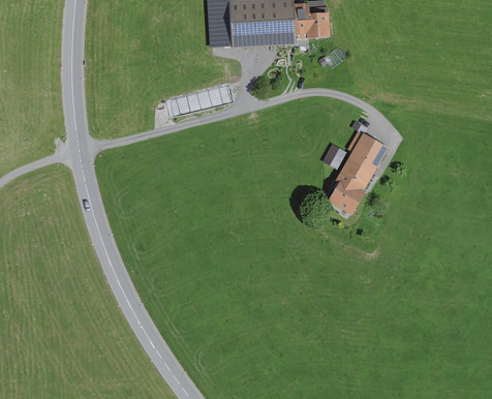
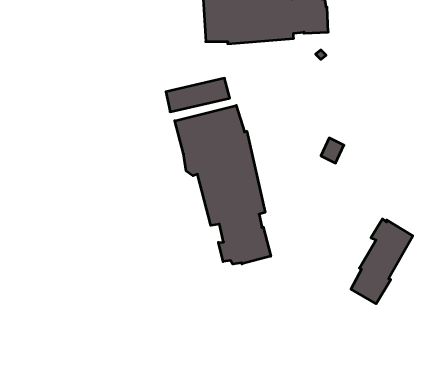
building: none -> [175,105,271,264]
building: [328,127,389,211] -> [351,219,413,304]

